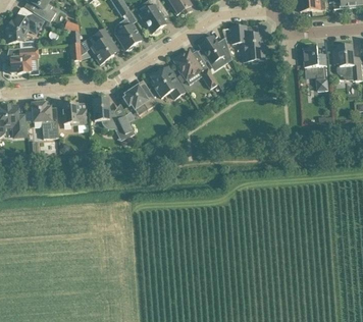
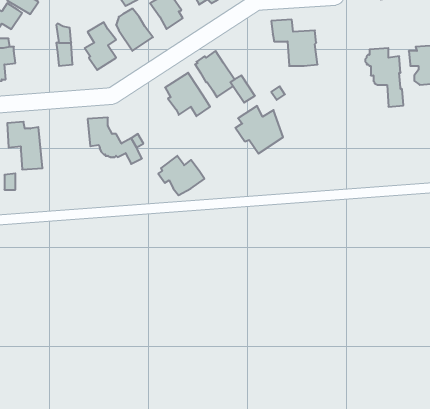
building: [197,35,232,70] -> [235,106,283,154]
building: [123,85,158,114] -> [158,156,204,195]
building: [62,102,89,124] -> none

